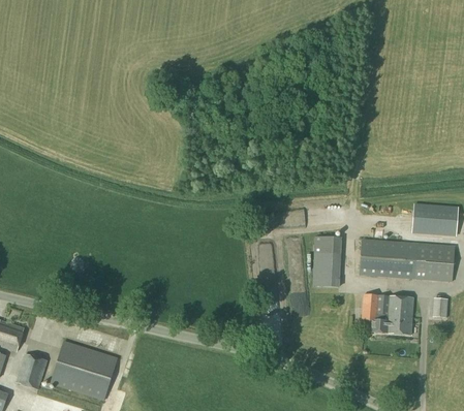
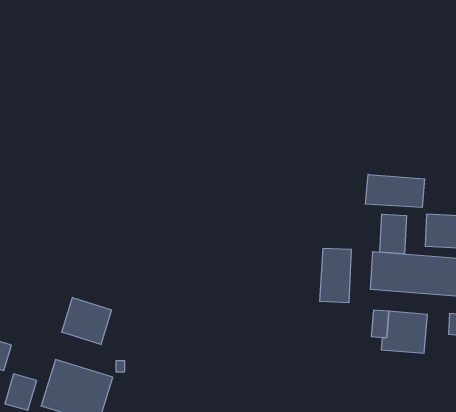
building: none -> [366,174,425,207]
building: none -> [380,214,406,254]
building: none -> [62,297,112,345]

